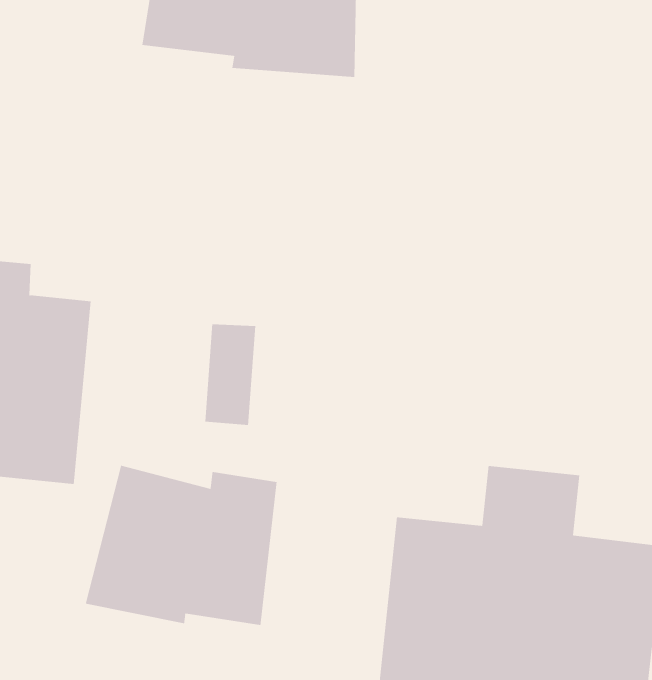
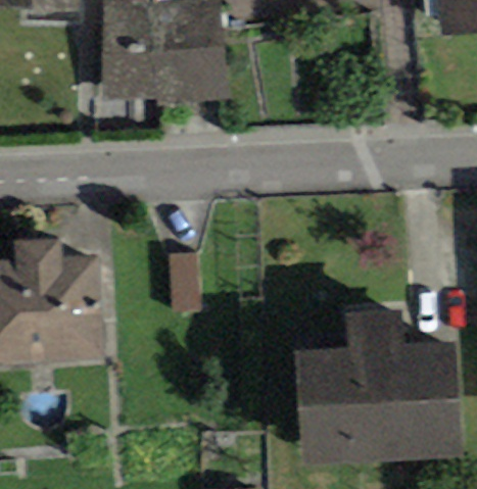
building: [85,465,277,626] -> none

